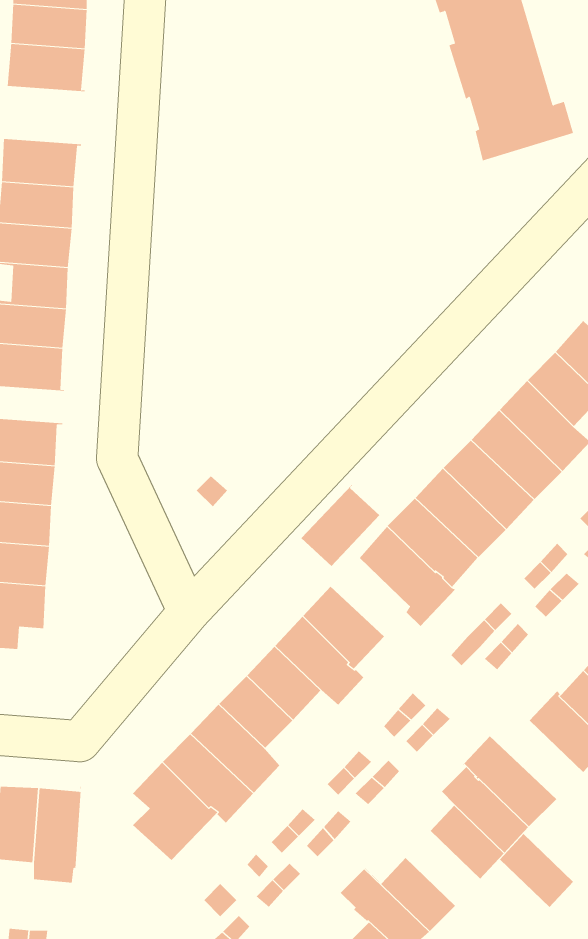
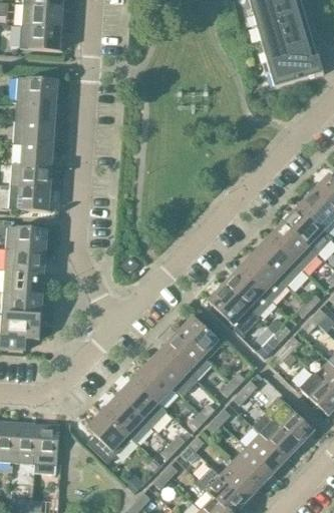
building: [301,484,380,567] -> none
building: [499,833,574,908] -> [233,447,273,487]

